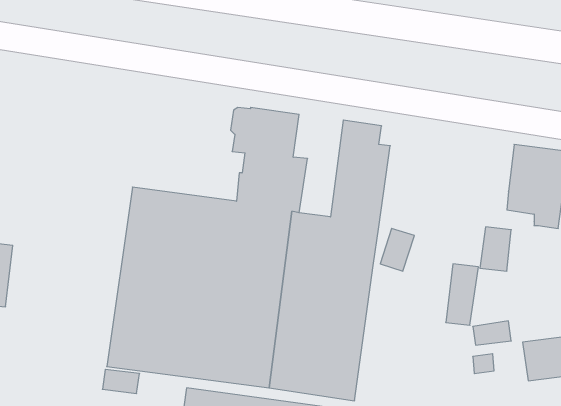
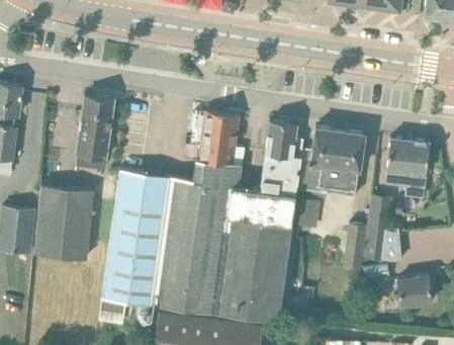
building: none -> [33,94,114,258]
building: none -> [299,126,364,196]
building: none -> [364,227,399,261]

